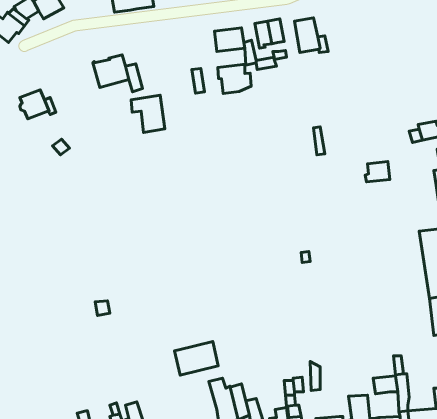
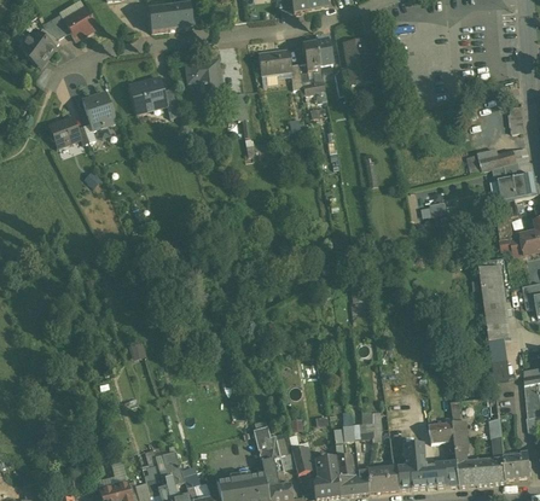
building: [218,64,251,93] -> none
building: none -> [82,92,115,129]
building: [131,95,165,132] -> [186,59,222,99]
building: [175,342,218,375] -> none

